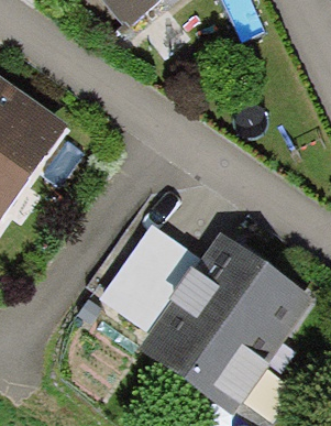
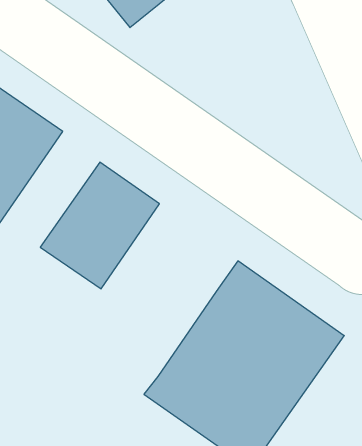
building: [99,225,202,335] -> [40,162,159,289]

